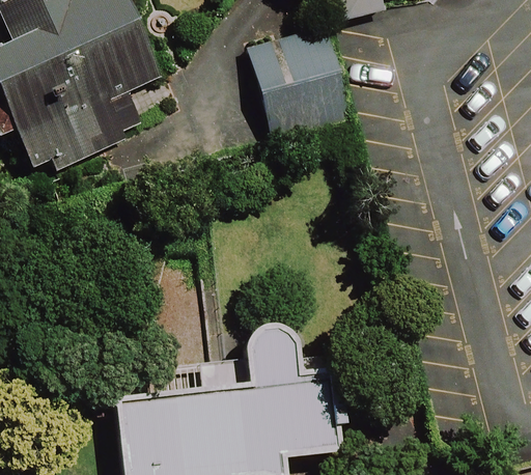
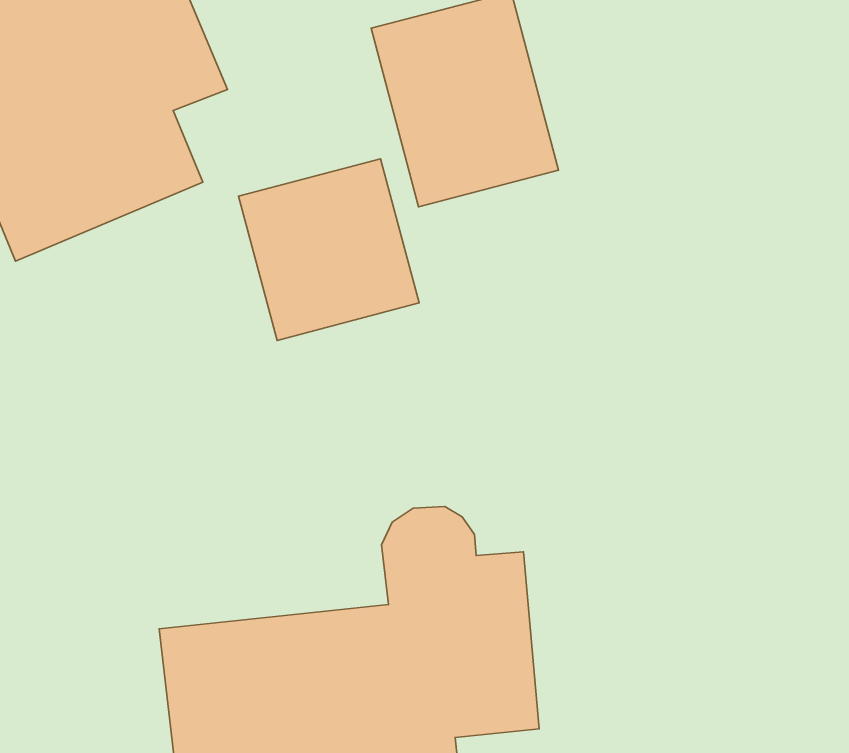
building: none -> [239,159,419,341]

